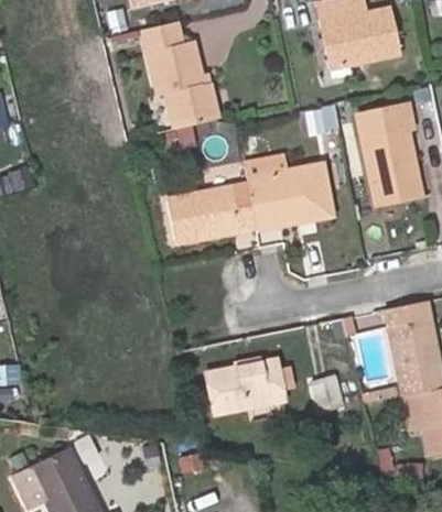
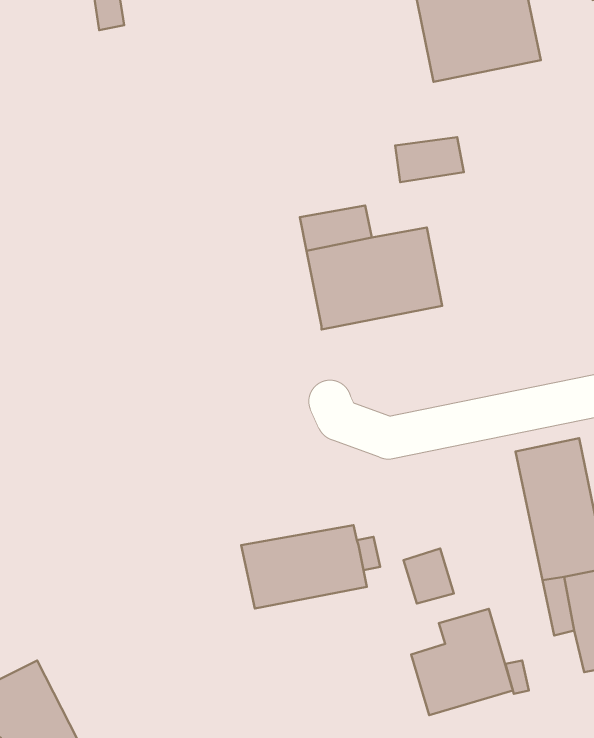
building: [143,19,218,128] -> none
building: [357,102,422,206] -> none
building: [168,184,257,243] -> none
building: none -> [411,609,513,715]

